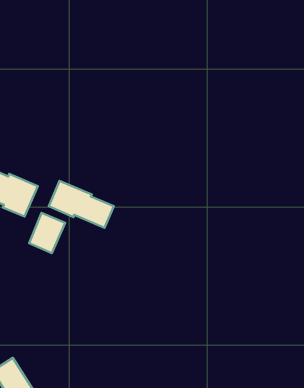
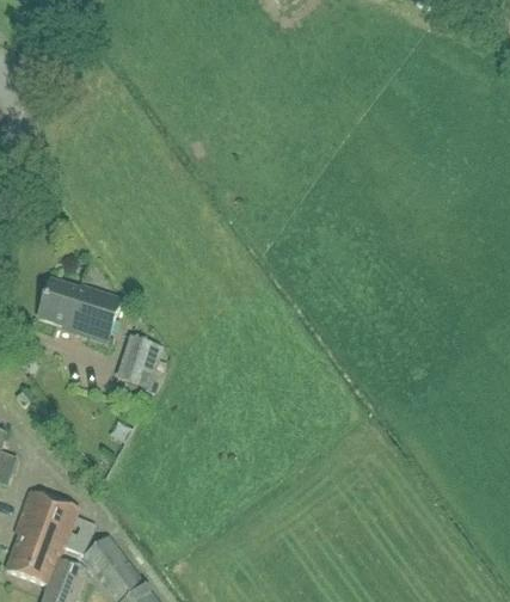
building: [49,181,114,228] -> none

